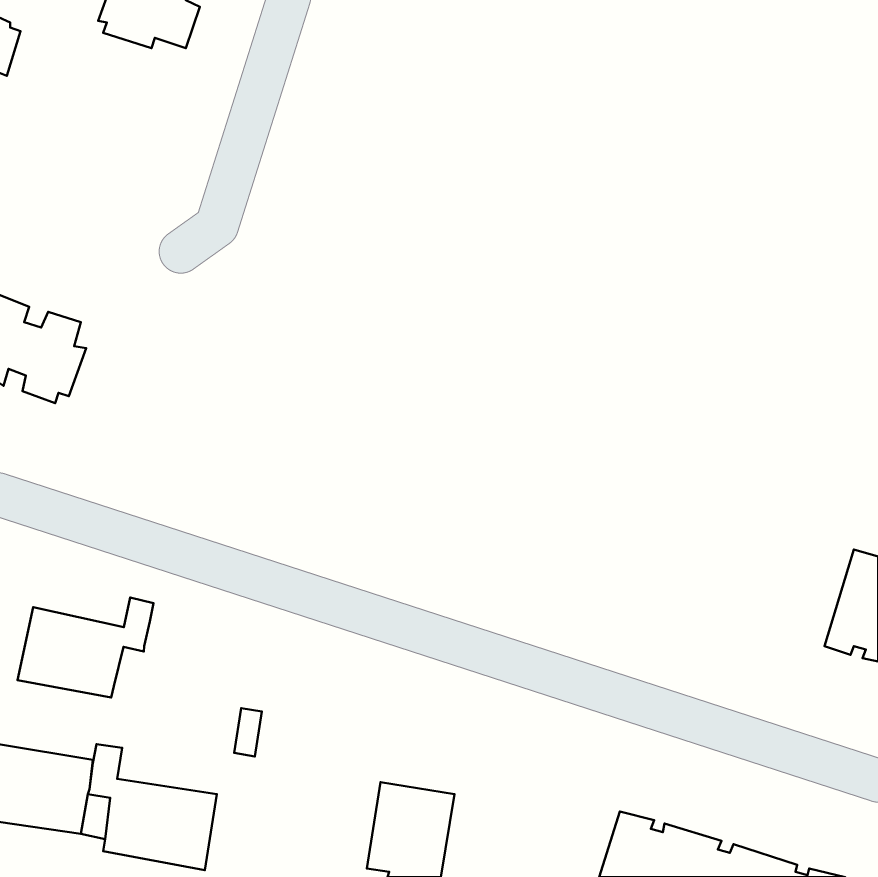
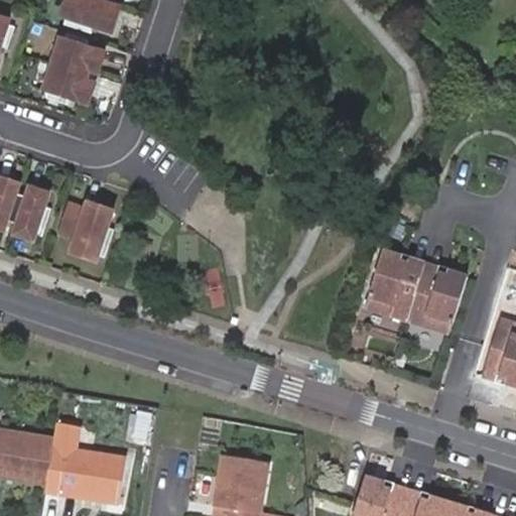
building: none -> [41,29,102,100]
building: none -> [59,197,113,256]
building: none -> [366,252,468,335]
building: [18,597,153,698] -> none

